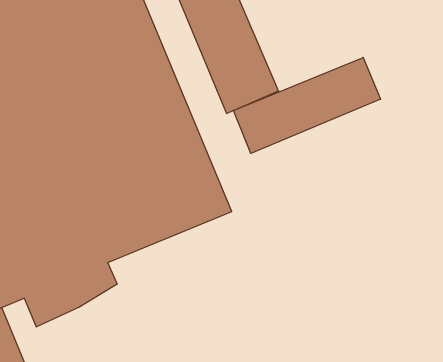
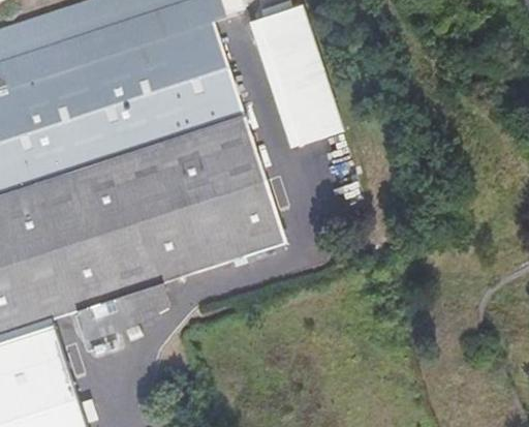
building: [233,57,381,153] -> none

